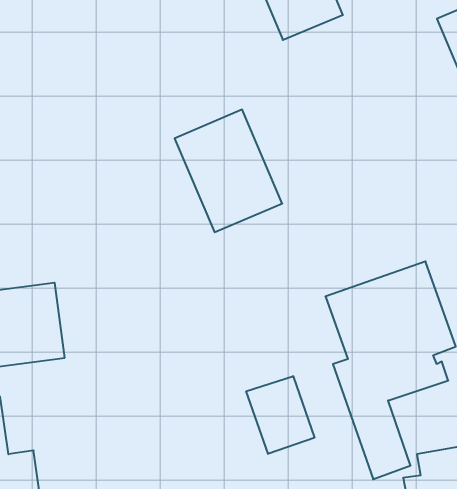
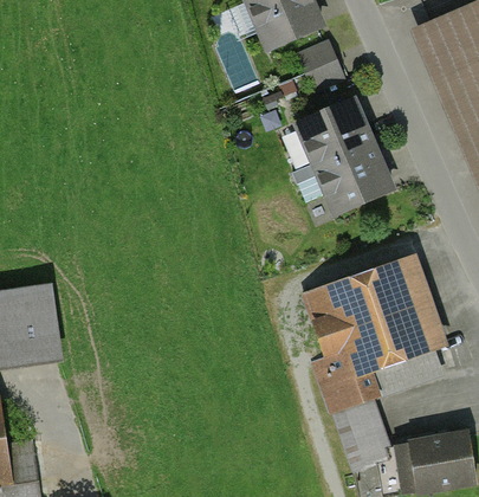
building: none -> [298,39,345,91]
building: [175,110,282,232] -> [293,97,395,213]
building: [246,376,314,454] -> none

